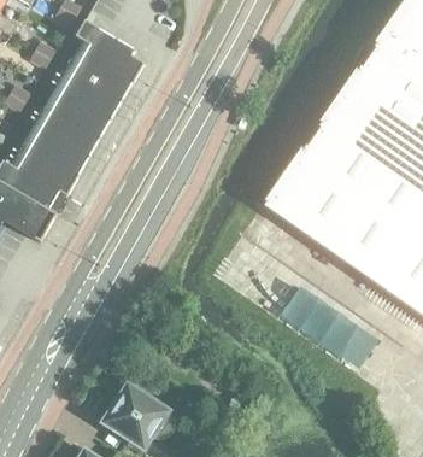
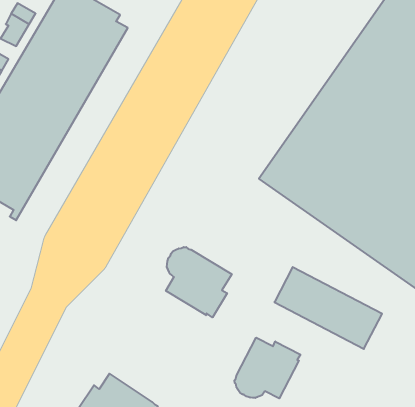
building: none -> [166,247,232,317]
building: none -> [234,338,300,398]

